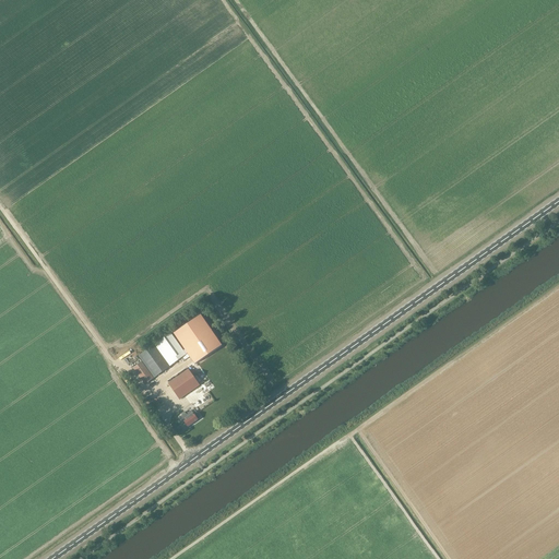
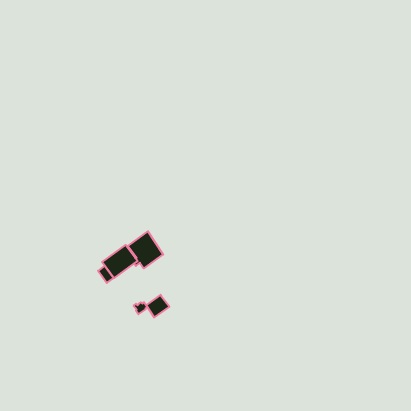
building: [168,368,200,399] -> [146,295,169,317]

